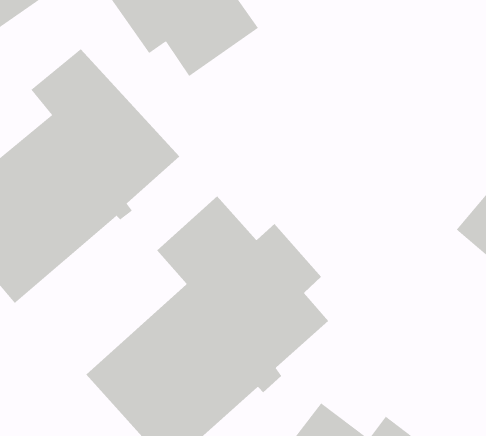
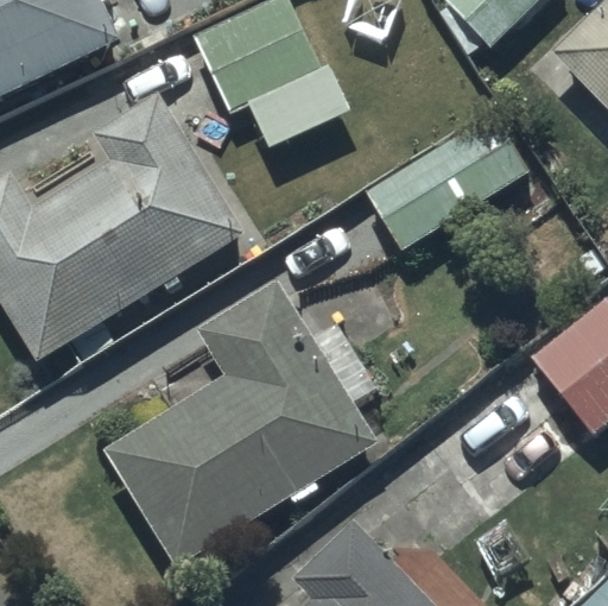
building: none -> [367,112,534,250]

